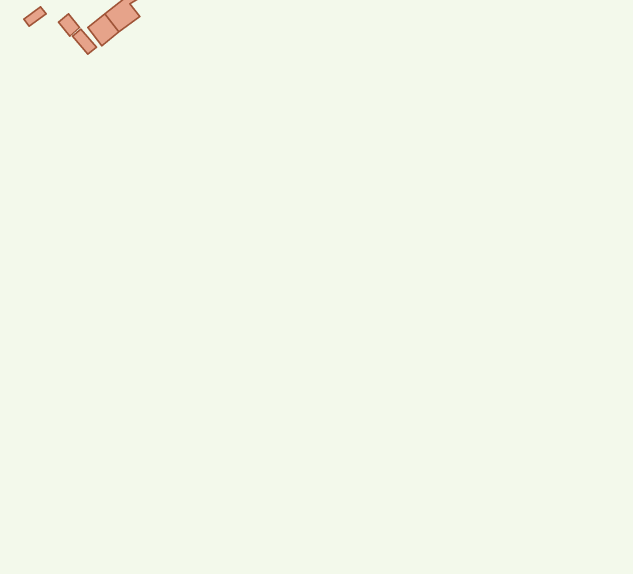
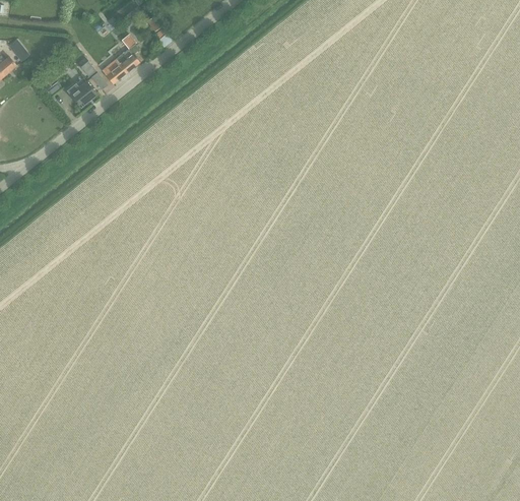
building: none -> [66,77,94,104]

